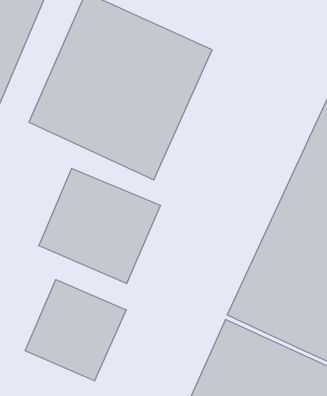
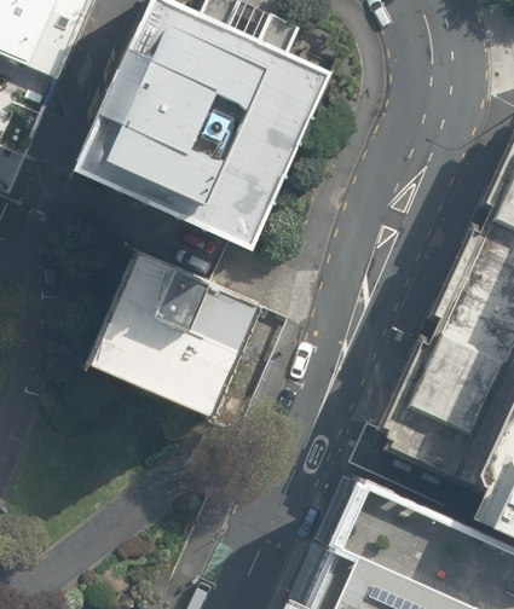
building: [25,280,126,381] -> none

